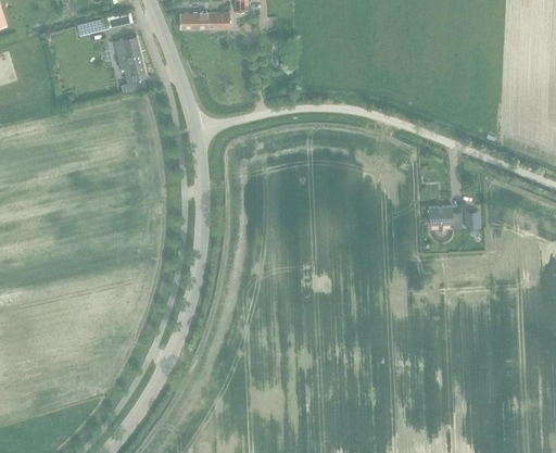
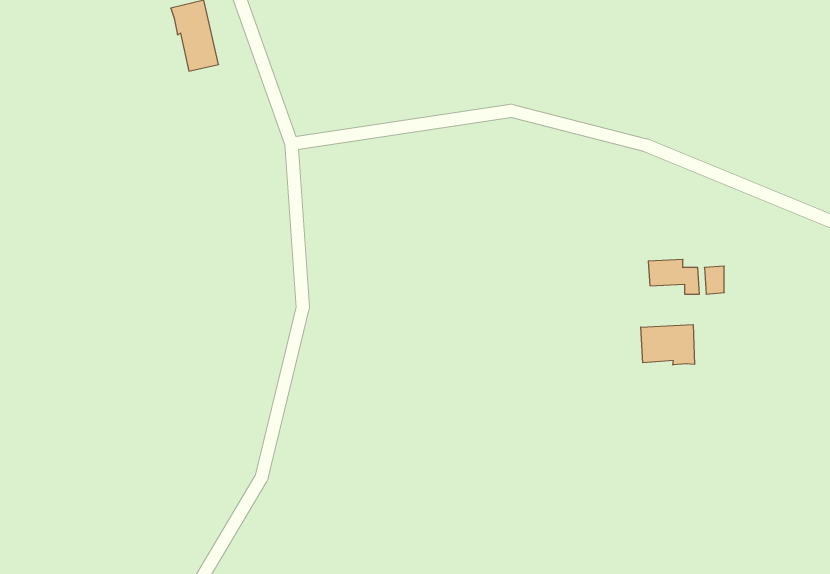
building: none -> [641,325,695,365]

